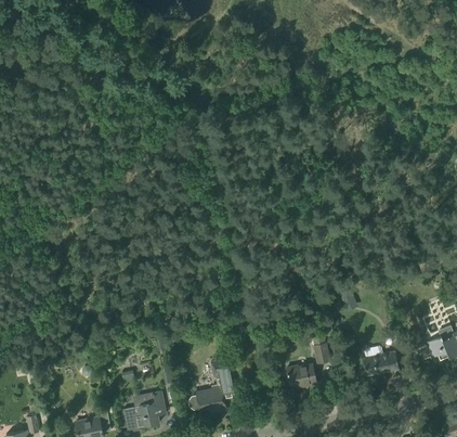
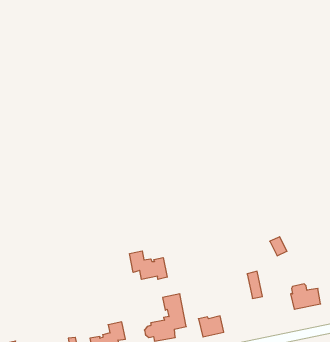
building: none -> [130,251,167,279]
building: [286,364,316,389] -> [198,316,224,337]

